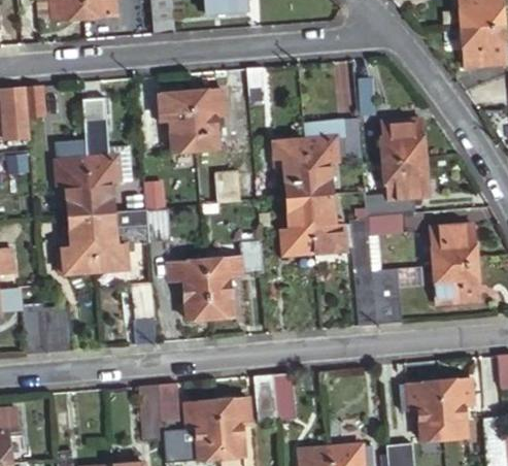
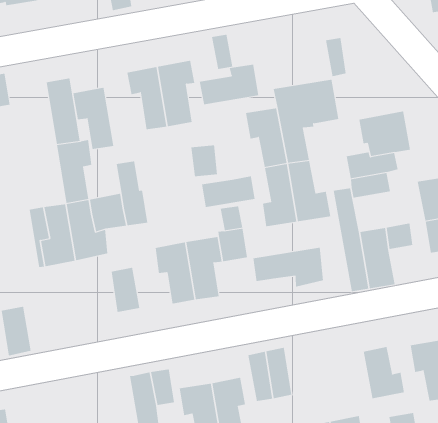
building: none -> [199,64,259,105]
building: [379,119,426,161] -> none
building: [58,158,93,217] -> [73,87,114,149]
building: none -> [202,176,255,208]
building: none -> [253,247,324,288]
building: [43,308,72,354] -> none
building: none -> [363,346,404,399]

